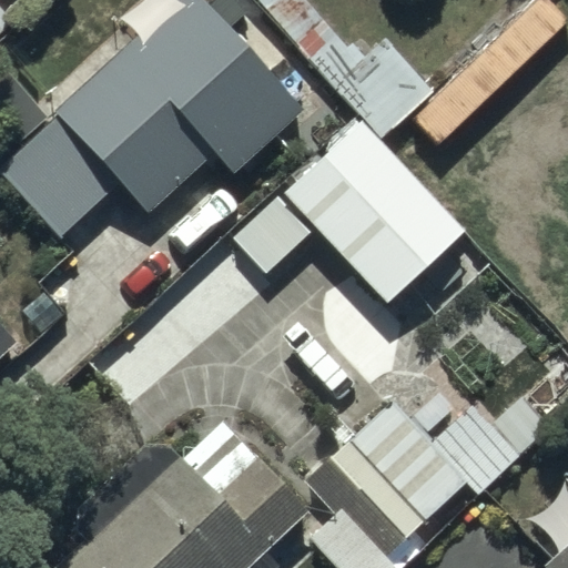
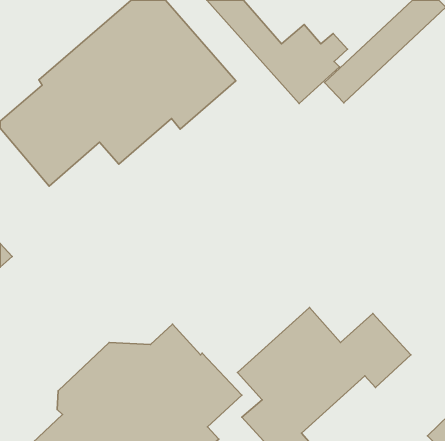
building: [283,118,506,344] -> none

